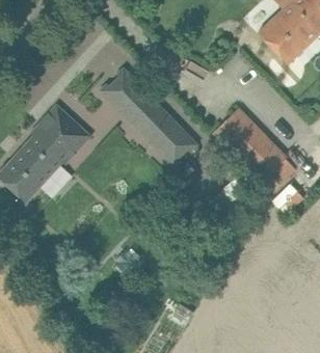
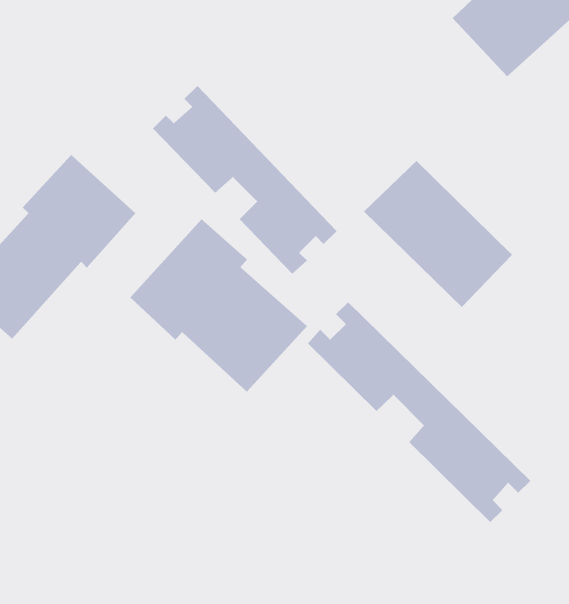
building: none -> [129,218,308,393]
building: none -> [307,302,531,523]

